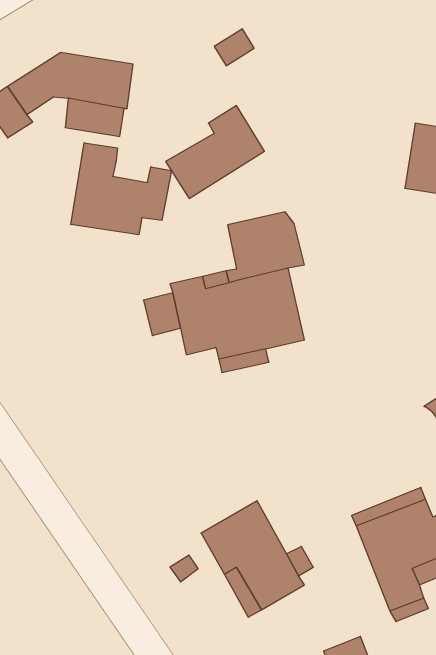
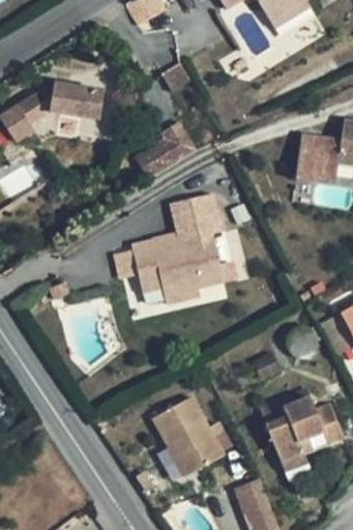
building: [71,143,171,235] -> none

